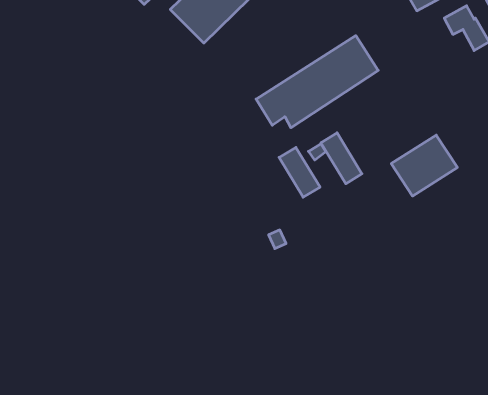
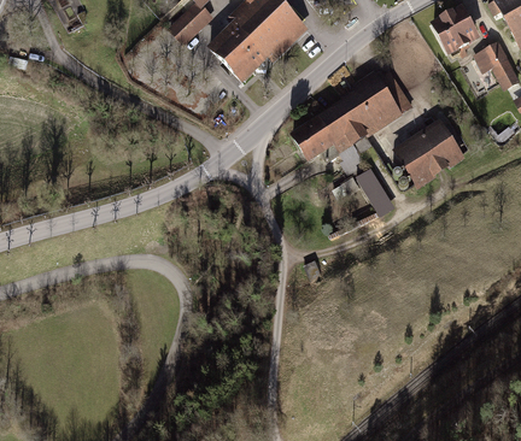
building: [391,135,457,196] -> [397,123,461,182]
building: [279,147,320,197] -> none

